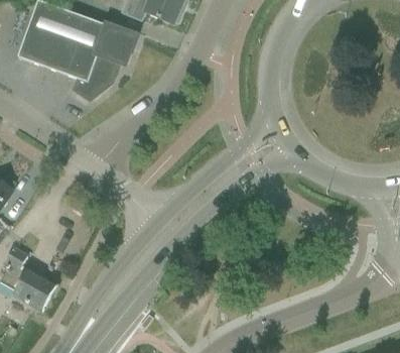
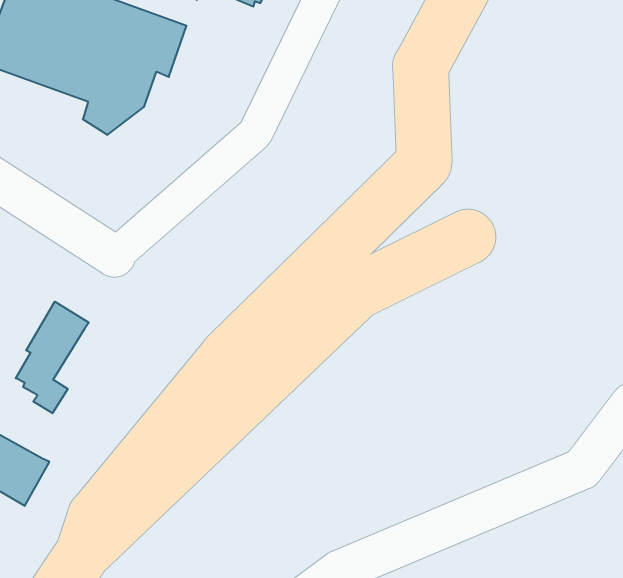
building: none -> [16,302,89,413]

